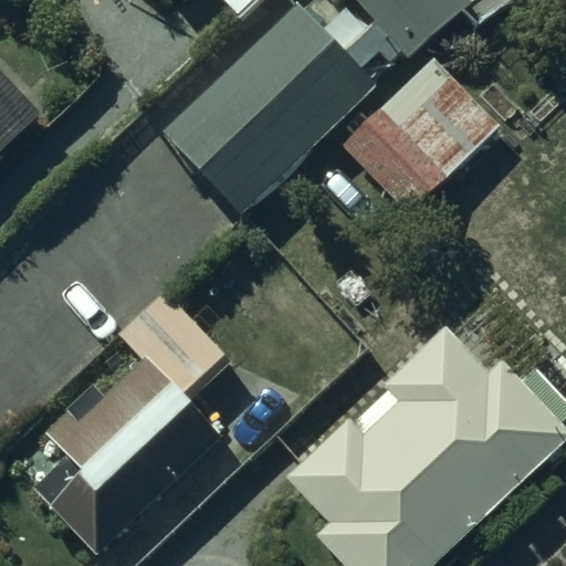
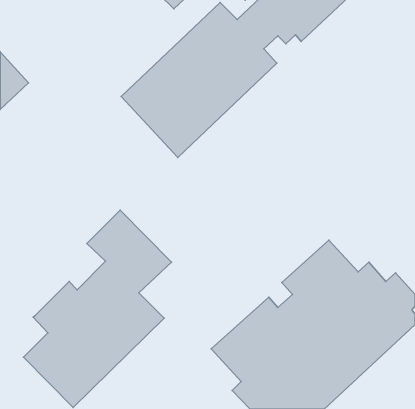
building: [318,55,502,219] -> none

